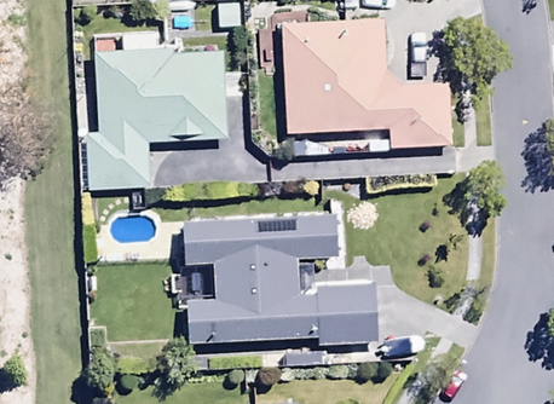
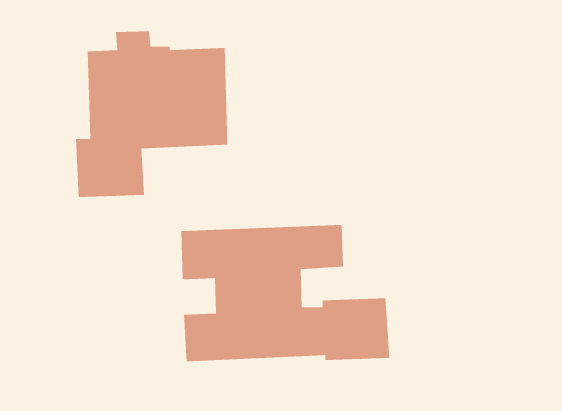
building: [282,19,450,150] -> none

